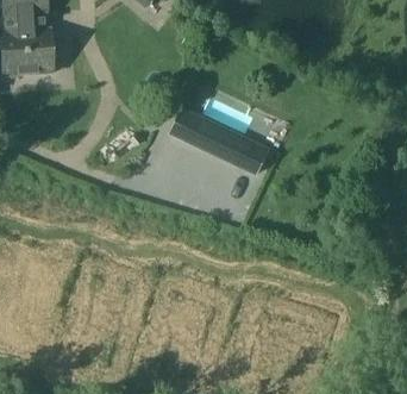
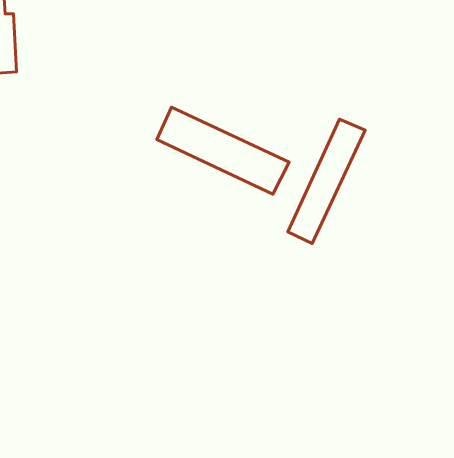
building: none -> [288,119,365,244]

